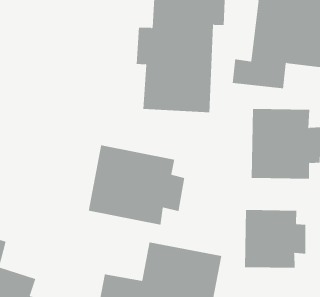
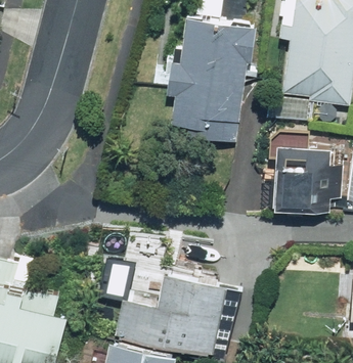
building: [88,145,185,225] -> none
building: [245,209,306,269] -> none

